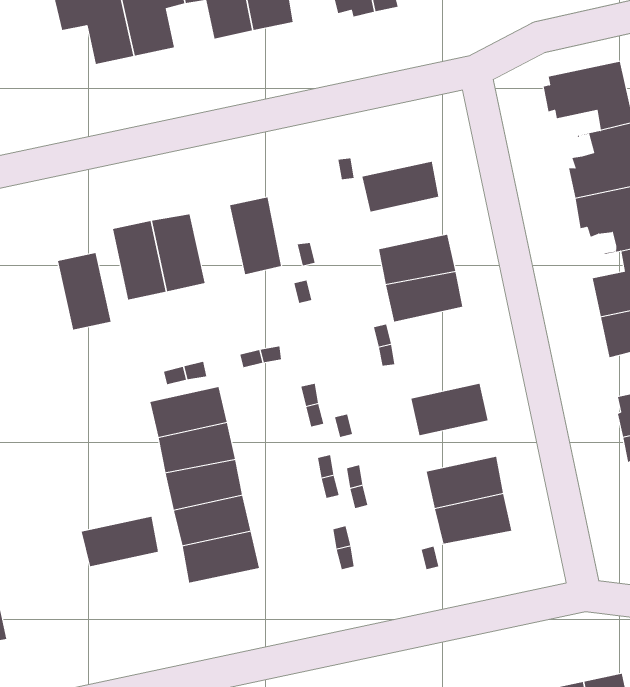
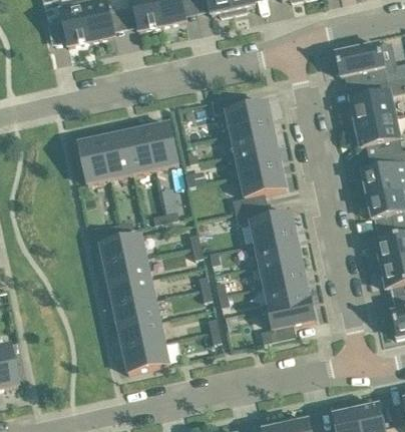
building: none -> [231,121,277,152]
building: [57,252,111,330] -> [124,126,156,172]
building: none -> [250,210,296,241]
building: none -> [260,254,306,284]
building: [81,516,159,567] -> [123,341,169,371]

